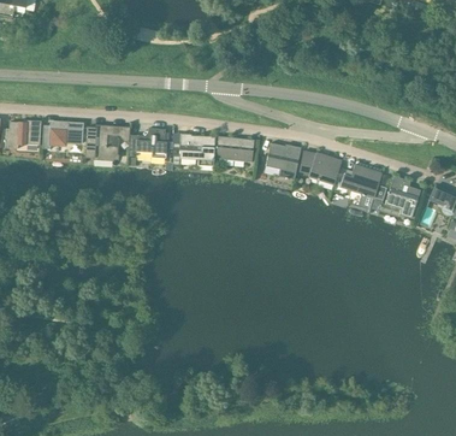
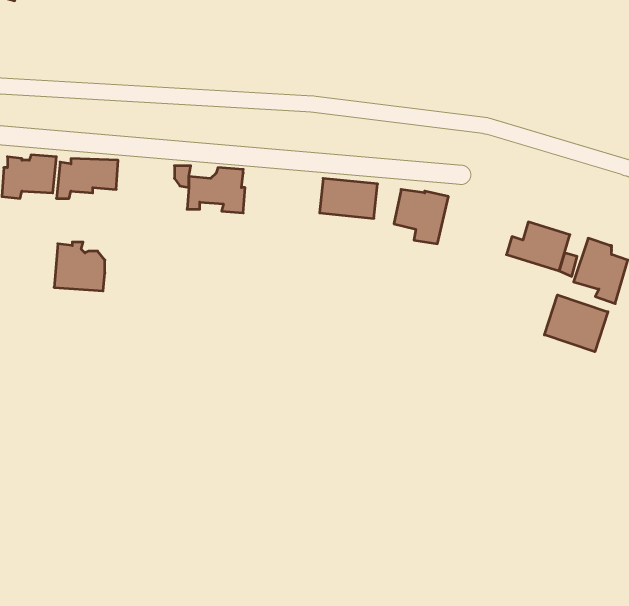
building: [85,125,119,158] -> [54,242,105,291]
building: [180,132,215,165] -> none
building: [300,152,343,184] -> none
building: none -> [544,295,608,352]

